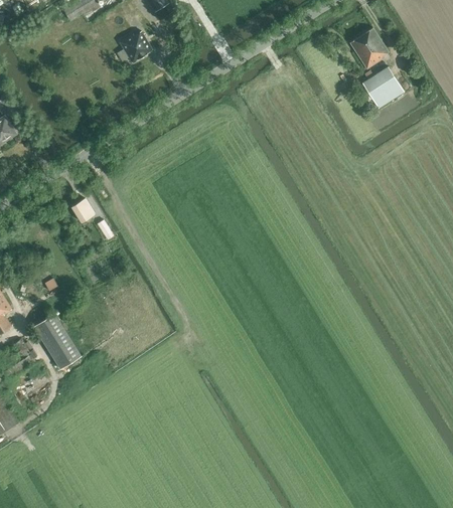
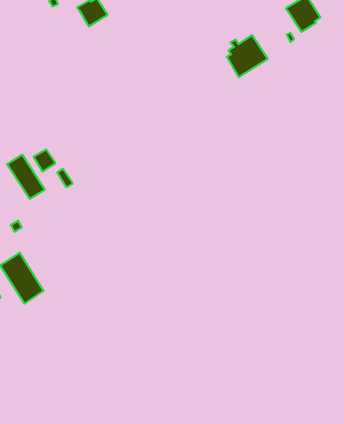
building: [359,65,405,112] -> [227,35,268,77]
building: none -> [7,155,45,199]

